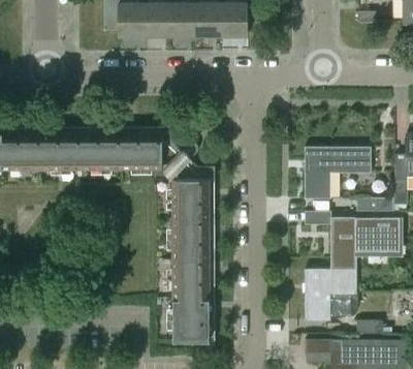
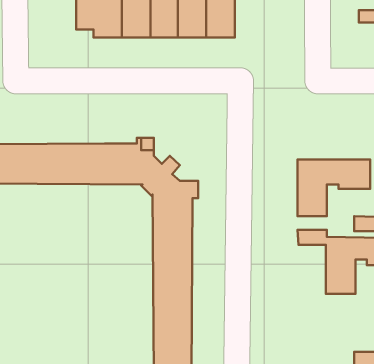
building: [306,270,357,321] -> none

